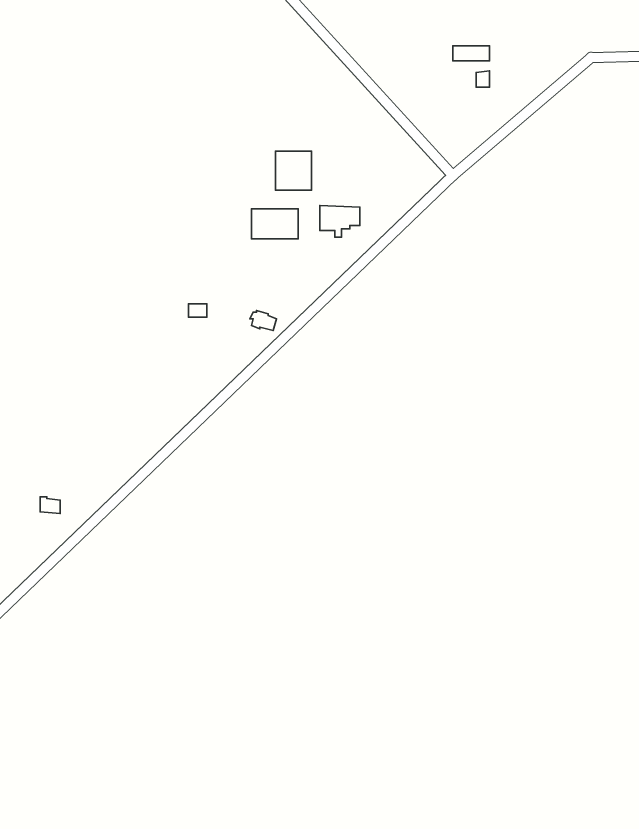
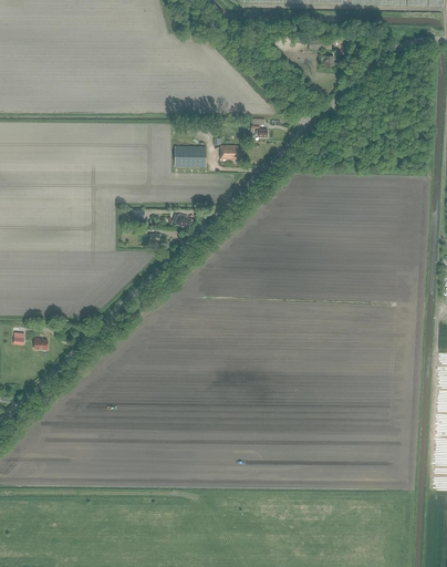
building: [275,151,312,190] -> none

